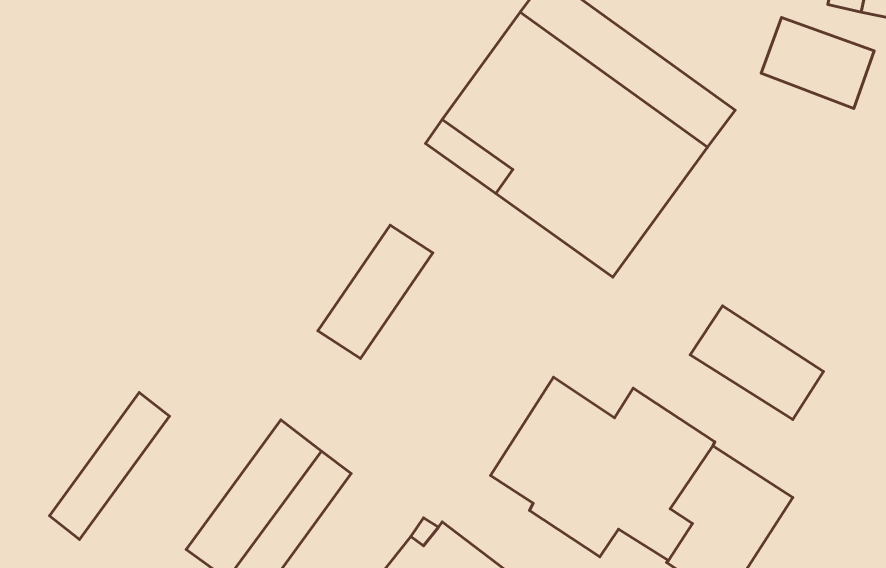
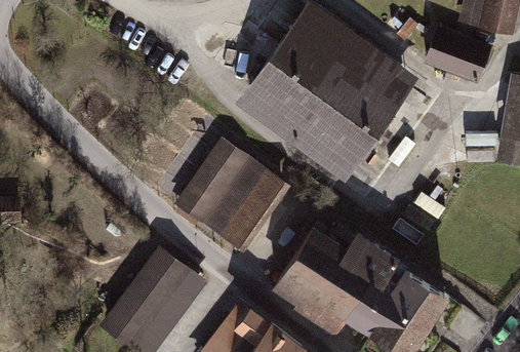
building: none -> [206,160,282,243]
building: [690,306,824,419] -> none
building: [49,393,169,539] -> none

